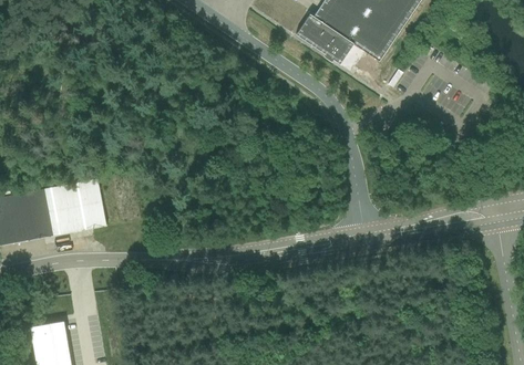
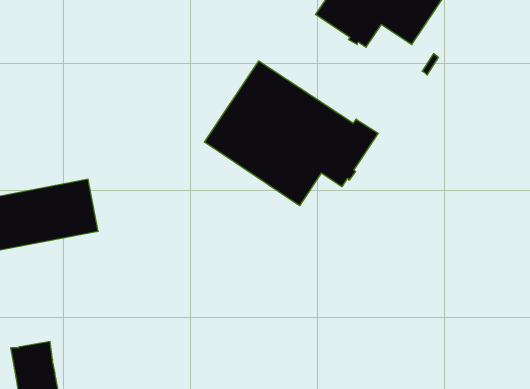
building: none -> [204,61,378,206]

